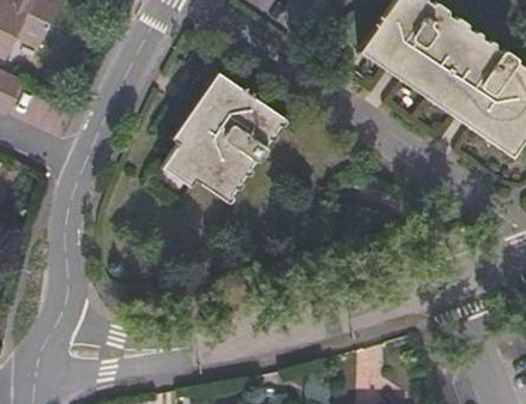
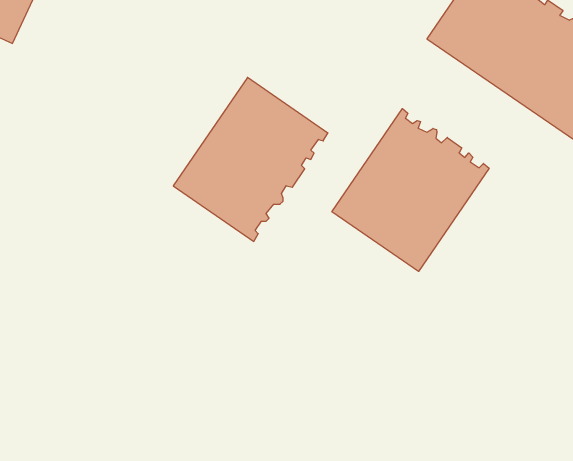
building: none -> [332,109,489,271]

